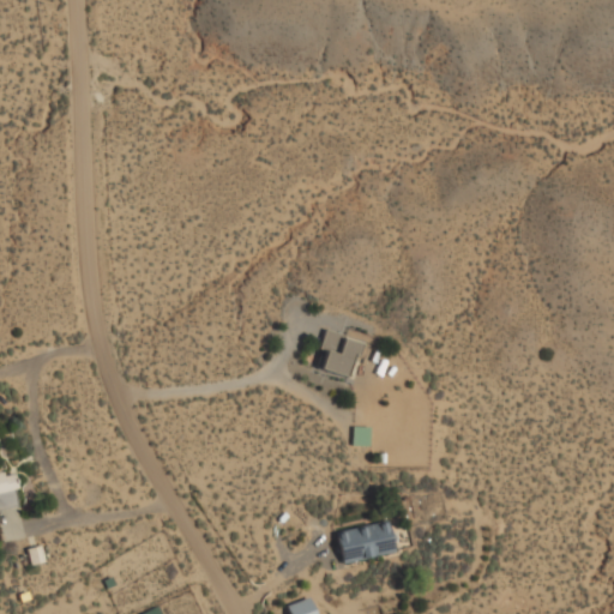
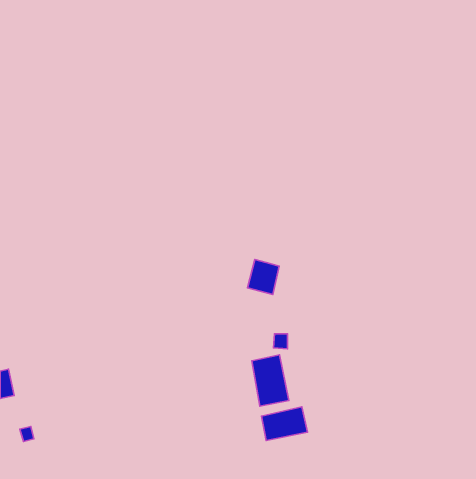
building: none -> [252,355,289,406]

